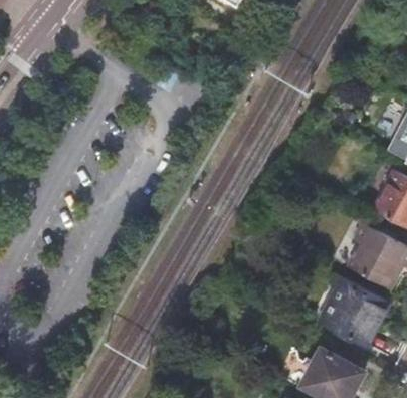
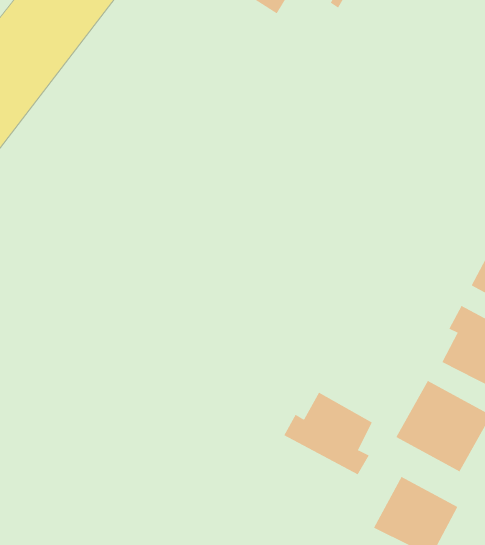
building: none -> [284,392,373,475]

